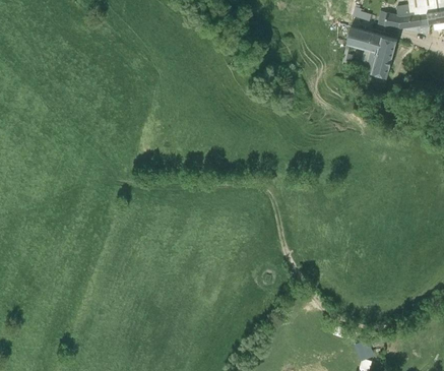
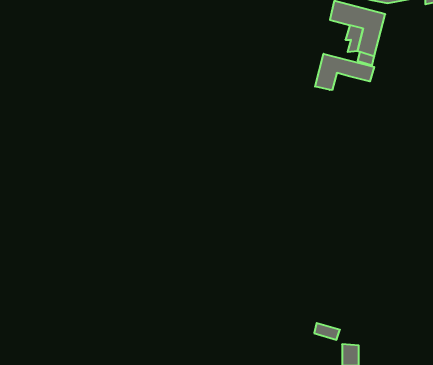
building: none -> [315,54,374,90]

